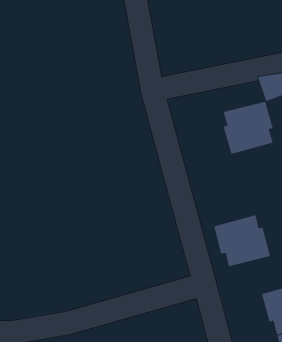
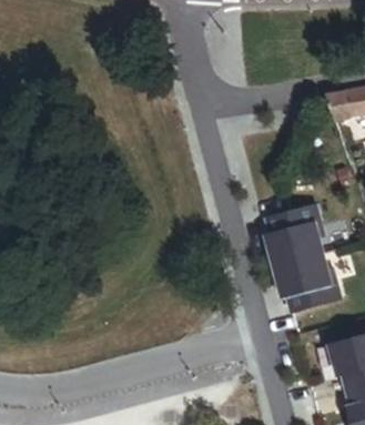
building: [223,101,273,154] -> [266,205,324,266]

